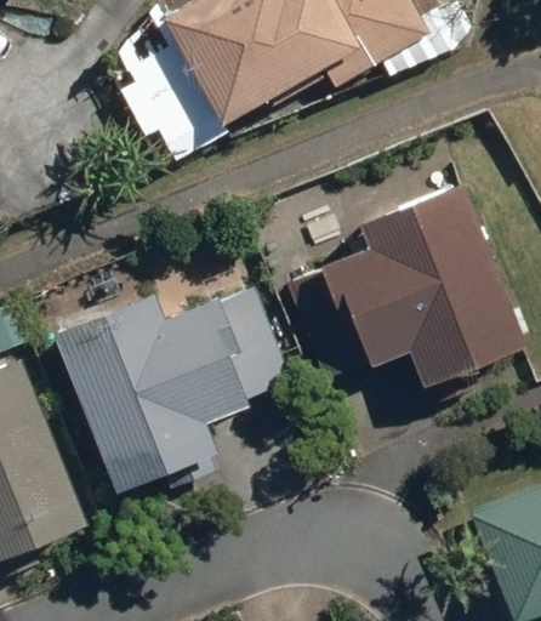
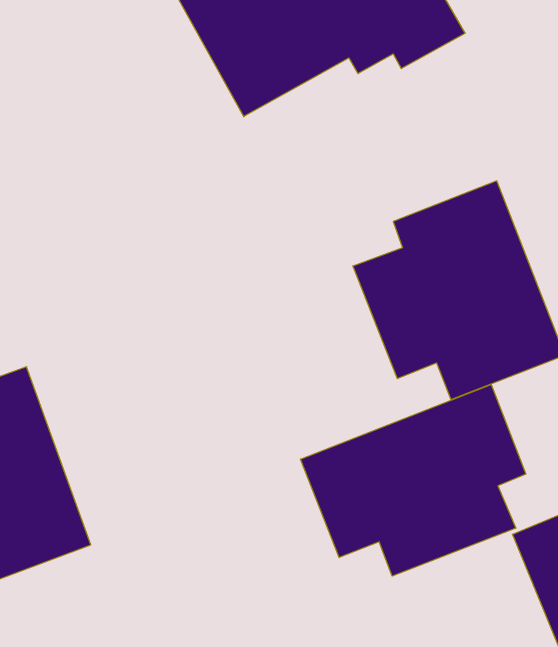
building: [63,296,277,484] -> none
building: none -> [301,385,526,576]

